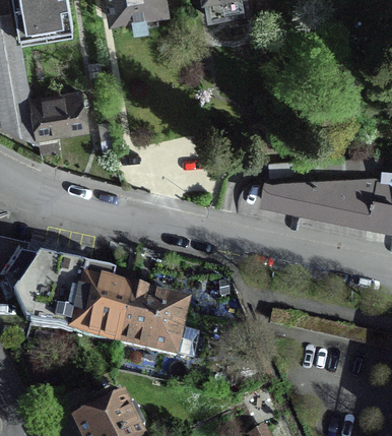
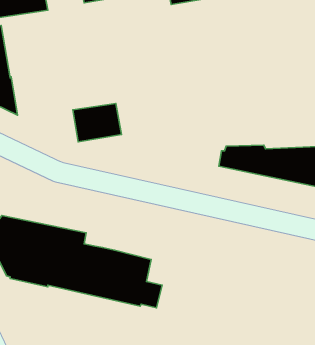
building: [31,92,85,135] -> [73,103,121,142]

